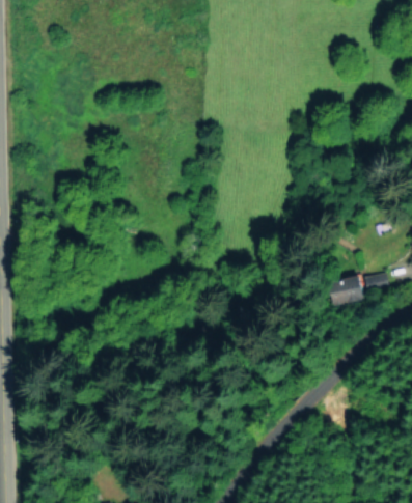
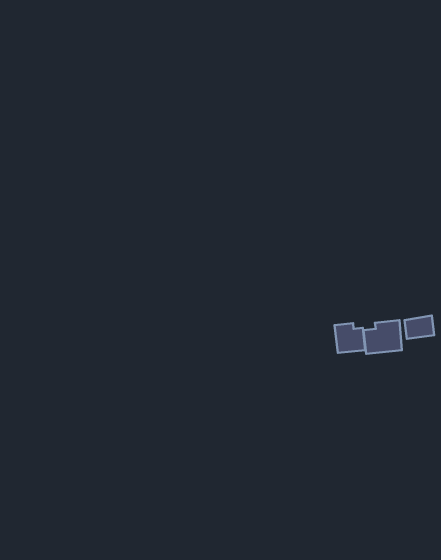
building: none -> [335,323,365,353]

